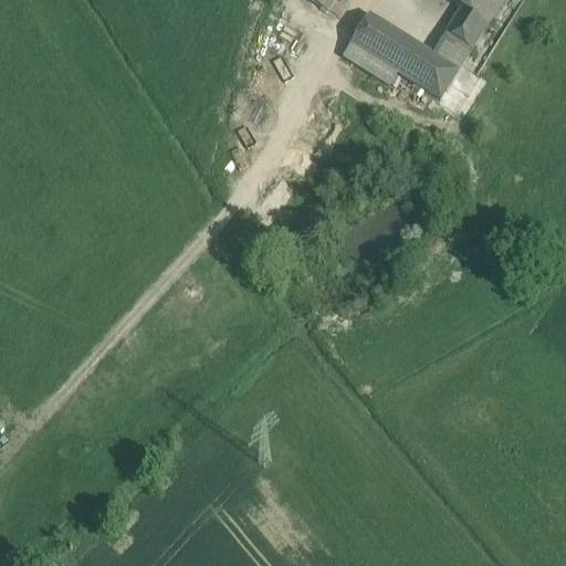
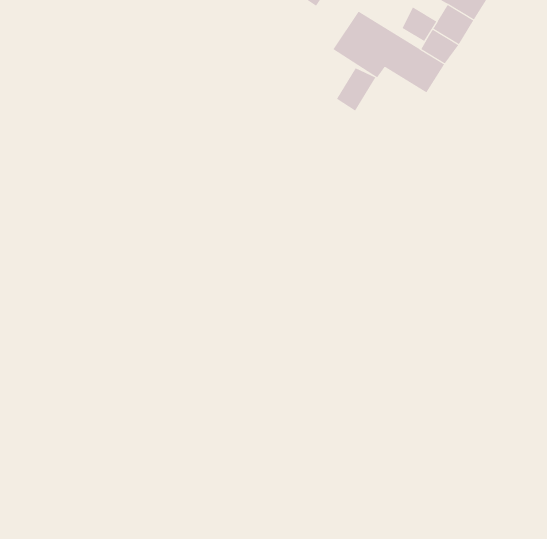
building: none -> [402,7,437,42]
building: none -> [336,68,376,111]

